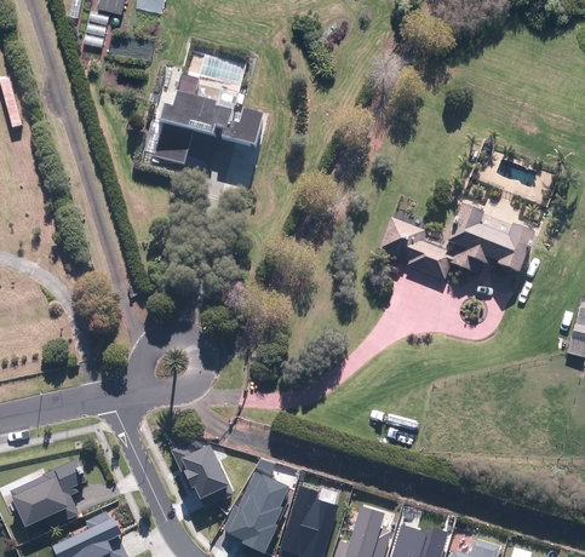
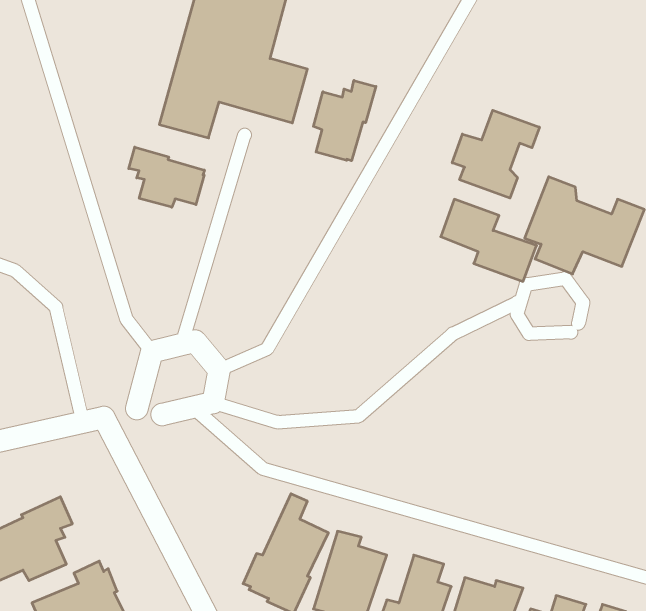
building: none -> [313,80,376,161]
building: none -> [452,110,539,198]
building: none -> [129,147,204,207]
building: [170,441,233,509] -> none

